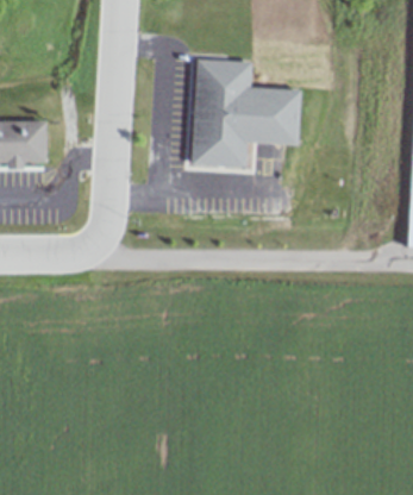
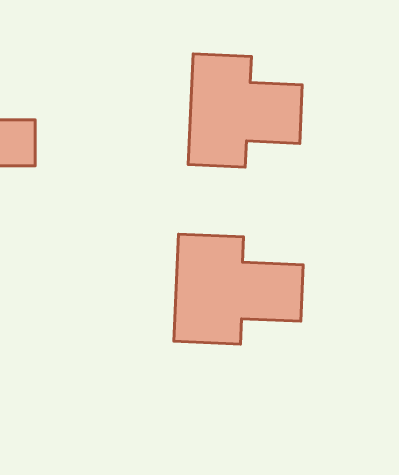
building: none -> [174,234,303,344]

